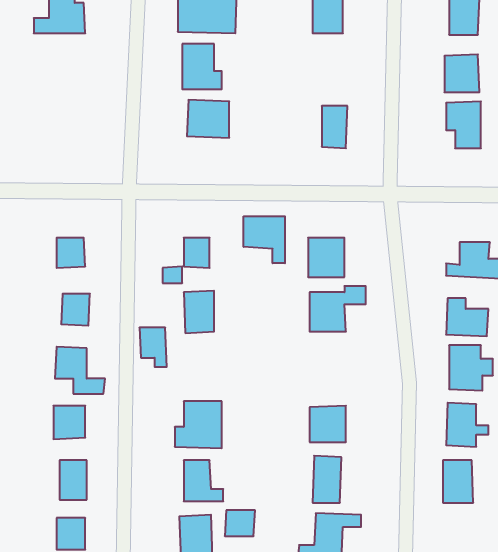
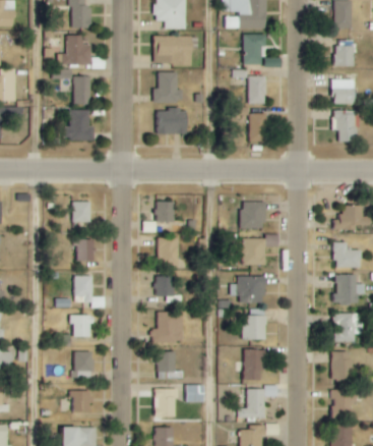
building: none -> [247,75,266,104]
building: none -> [73,76,90,103]
building: none -> [68,109,94,140]
building: [244,216,285,263] -> none
building: [139,328,167,367] -> [156,276,174,302]
building: none -> [230,276,265,303]
building: none -> [333,390,357,407]

